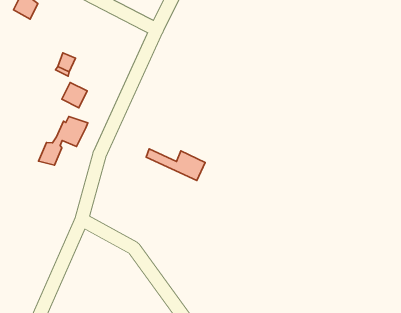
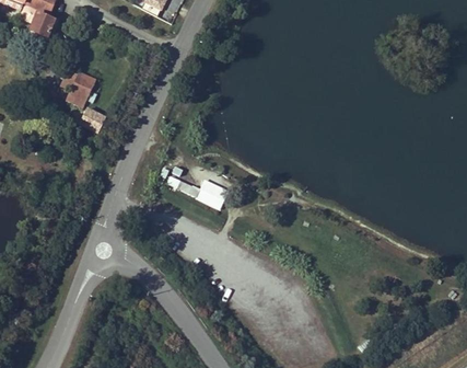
building: [39,117,88,165] -> none

